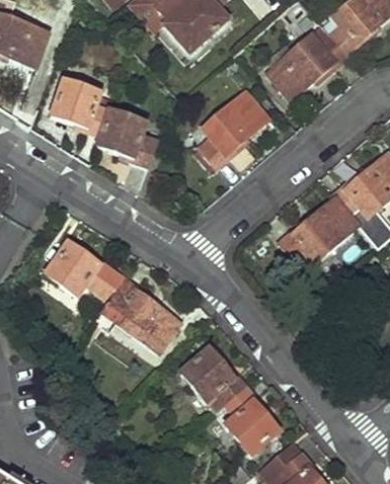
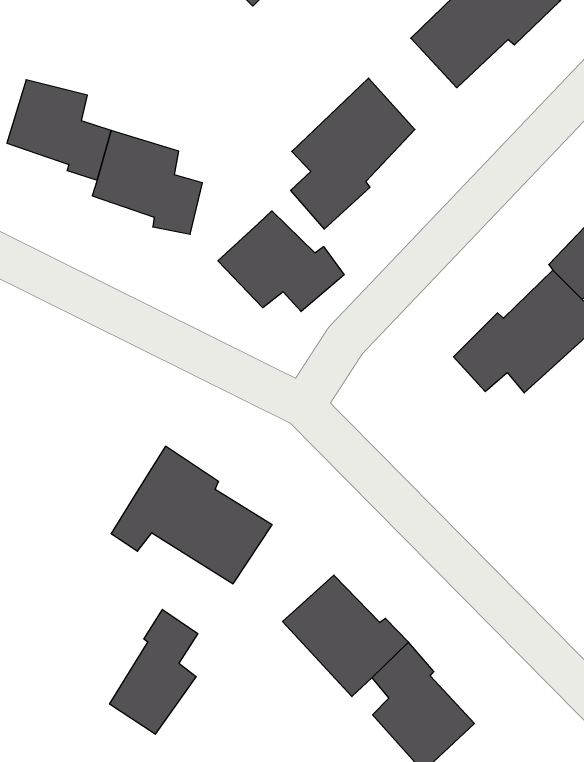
building: none -> [218,211,344,312]
building: [49,240,126,300] -> none
building: none -> [110,609,198,734]

